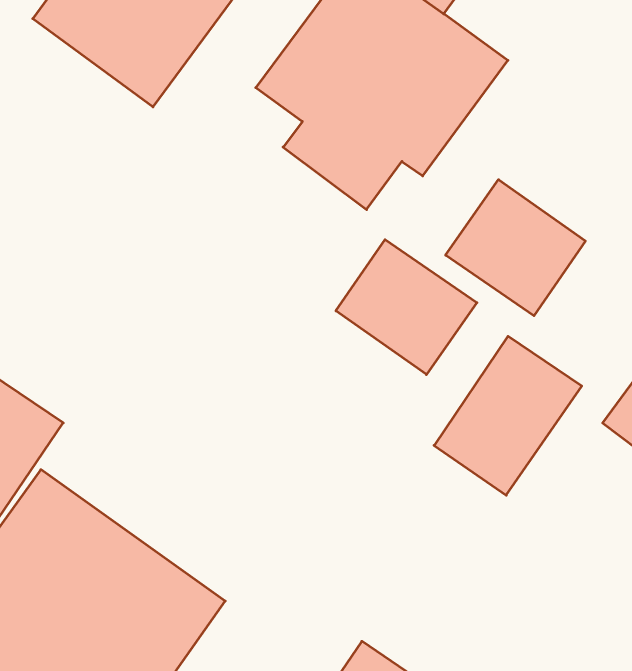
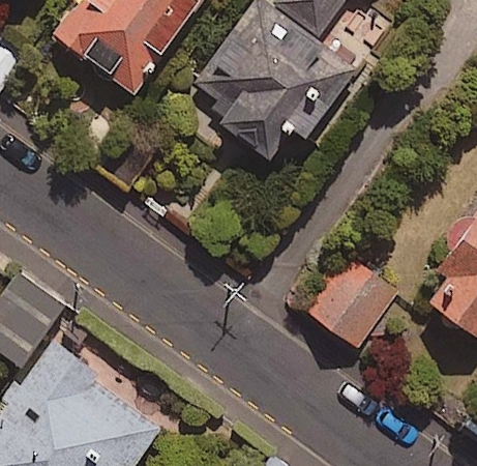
building: [446,180,585,316] -> none
building: [336,240,477,375] -> none

